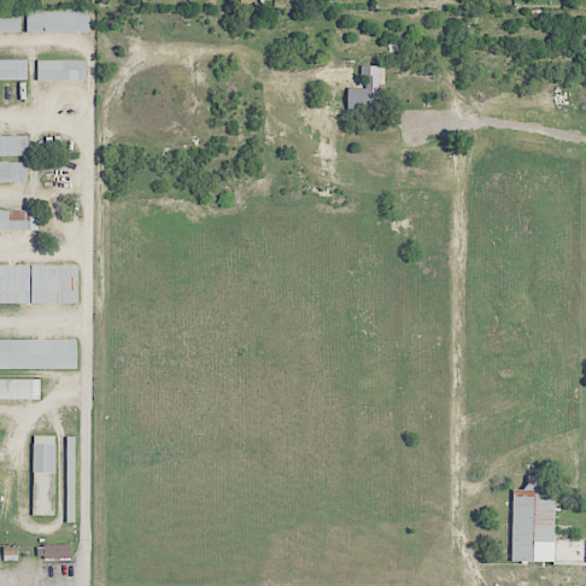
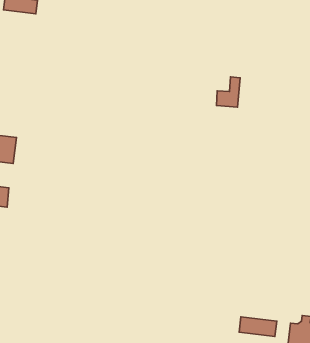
building: [345,66,377,111] -> [216,77,240,107]
building: none -> [239,317,277,337]

